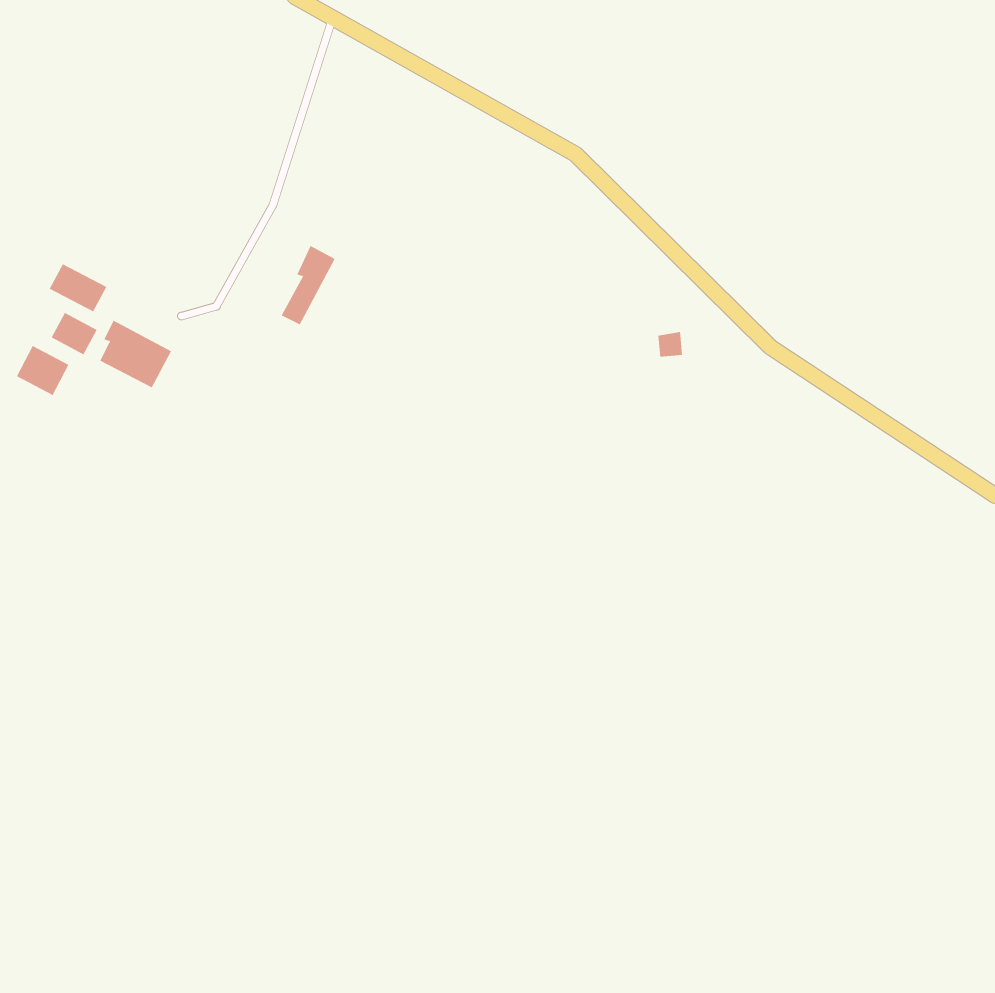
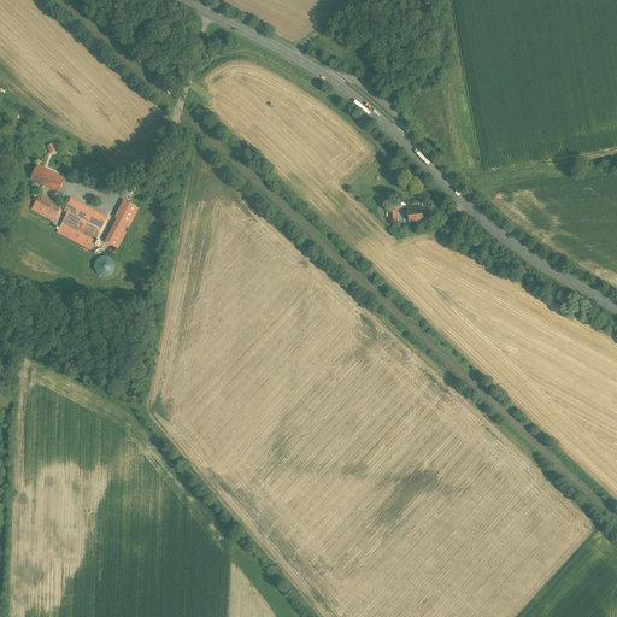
building: [281,245,335,325] -> [105,199,139,248]
building: [16,345,69,396] -> none

